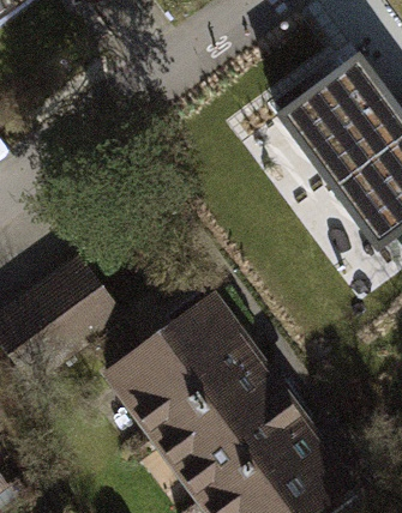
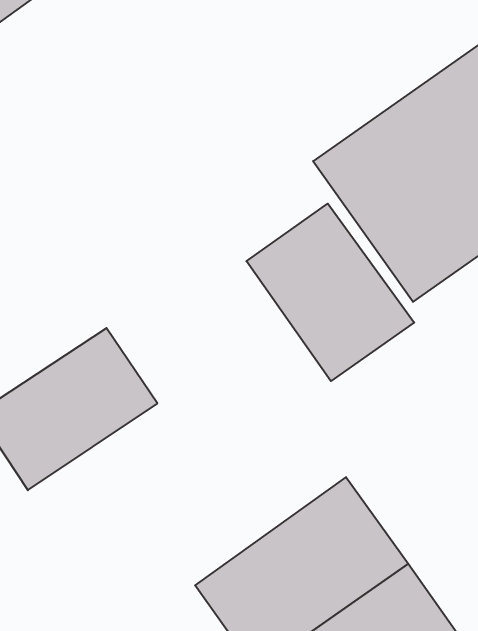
building: none -> [246,204,414,381]
building: [110,298,266,441] -> none

